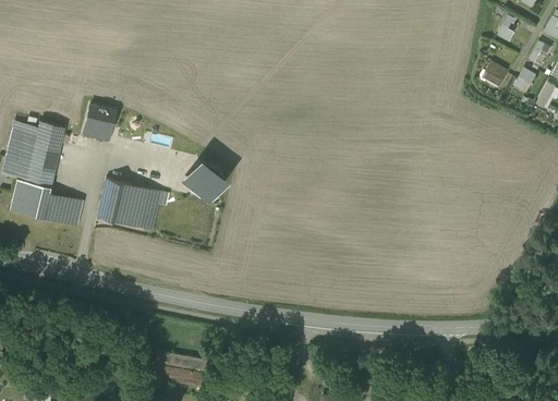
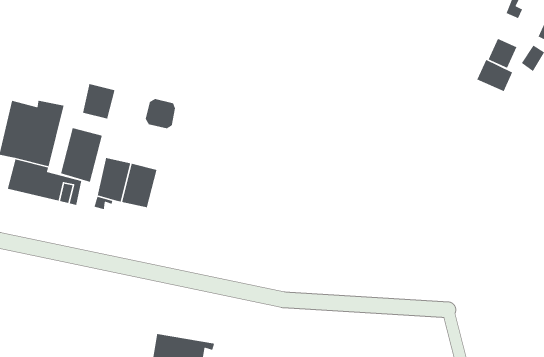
building: none -> [476,59,513,92]
building: none -> [60,127,103,183]
building: [190,166,220,196] -> [145,98,176,129]

